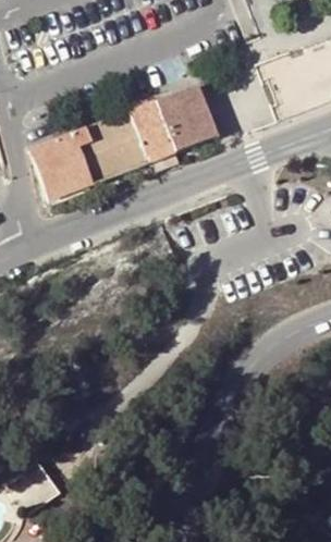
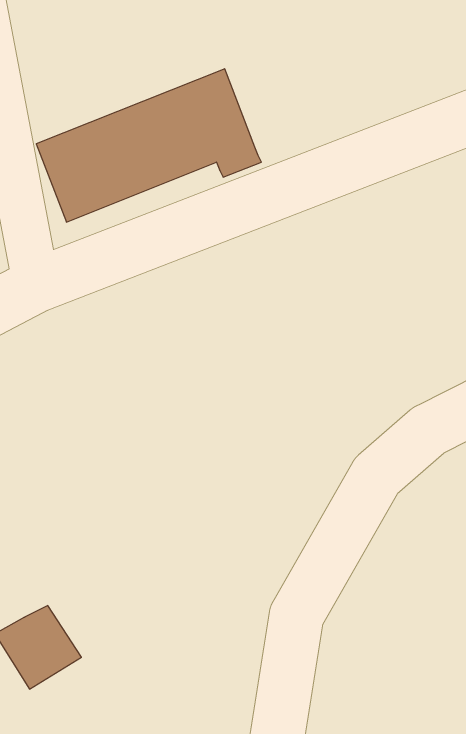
building: [154,84,216,151] -> none

